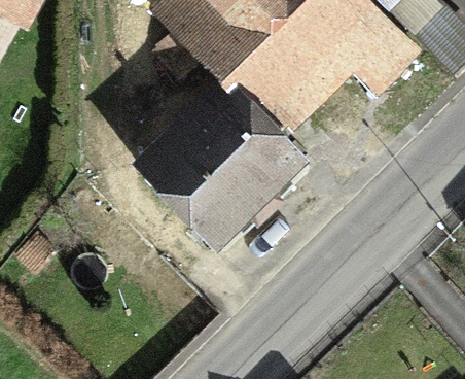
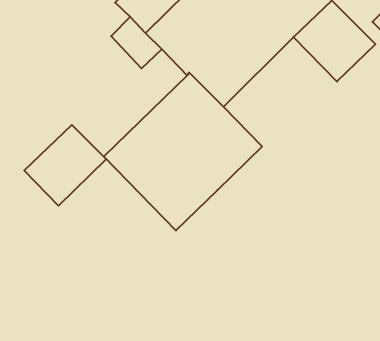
building: none -> [24,125,106,206]

